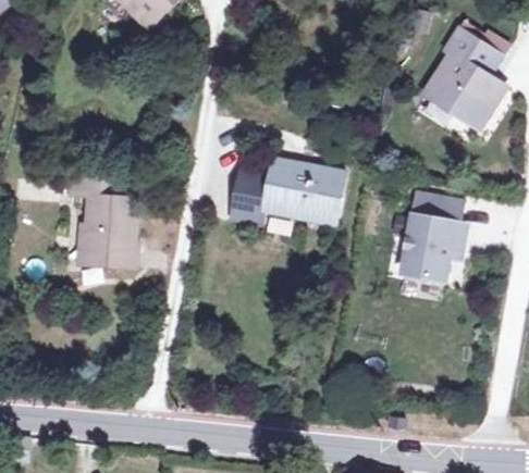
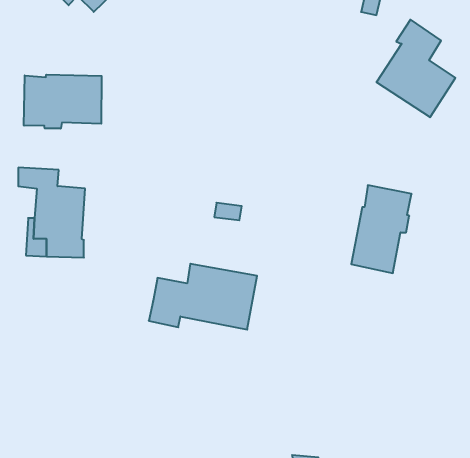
building: none -> [24,75,102,129]
building: [234,158,342,223] -> [149,264,257,330]

